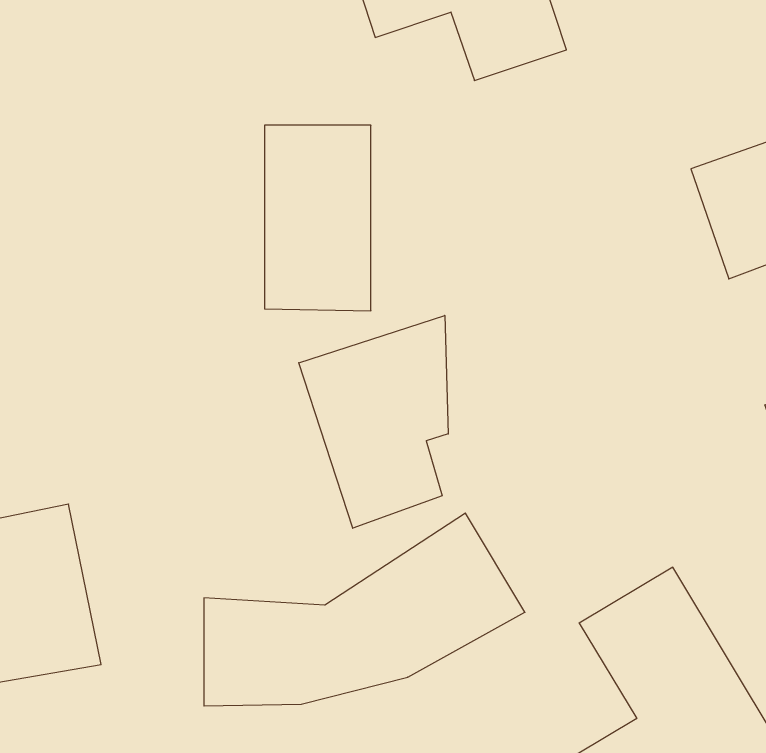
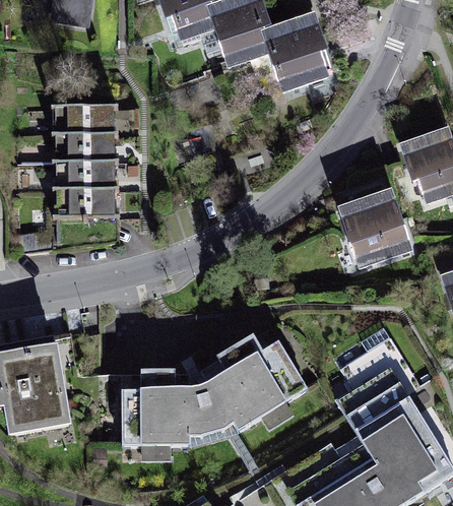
building: [265,125,371,311] -> [57,111,117,215]
building: none -> [337,190,413,271]
building: [299,315,448,528] -> none

